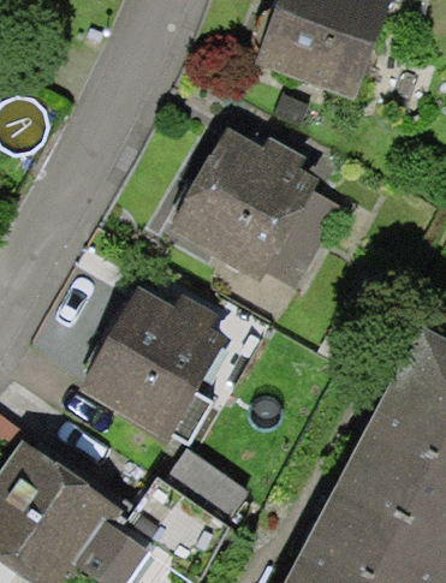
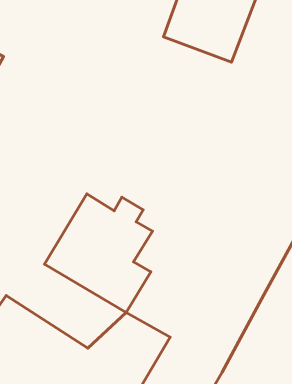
building: [170,130,349,299] -> none

